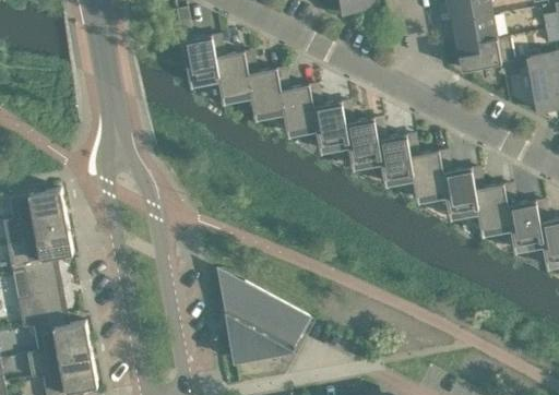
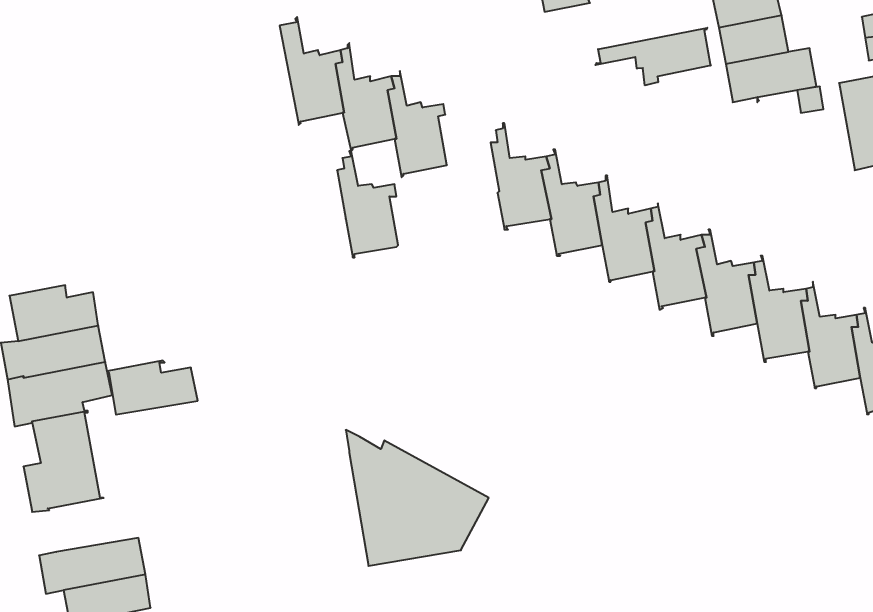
building: none -> [595,28,711,85]
building: [277,70,316,136] -> [337,151,398,257]
building: [33,321,90,355] -> [107,361,198,415]

